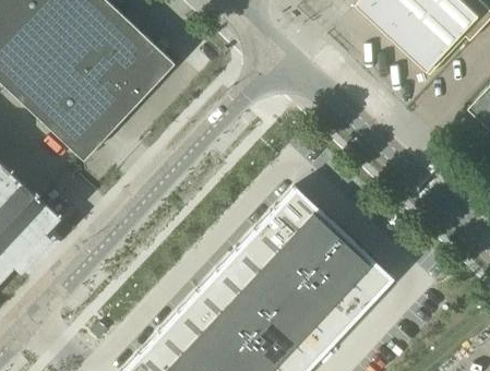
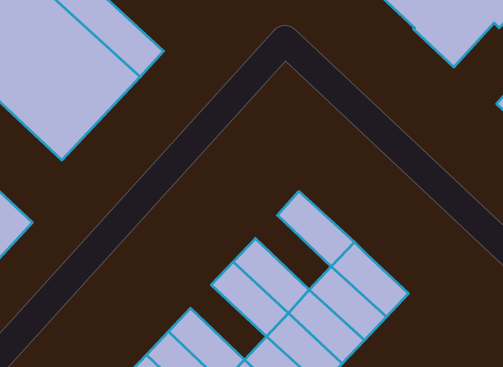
building: [254,208,322,275] -> none
building: [196,271,264,337] -> none

